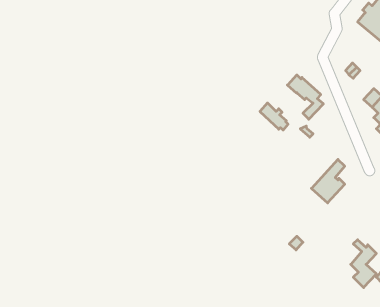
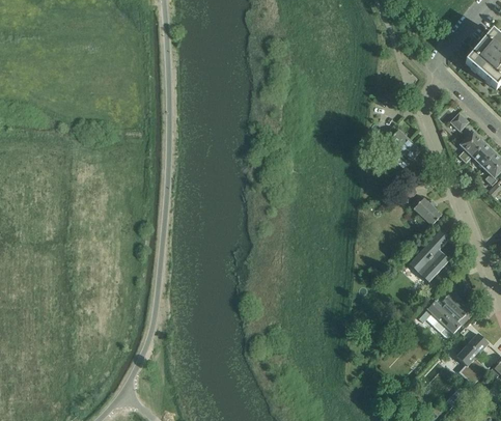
building: none -> [457,130,484,161]
building: [260,103,288,130] -> [409,192,443,225]
building: none -> [418,279,474,338]

